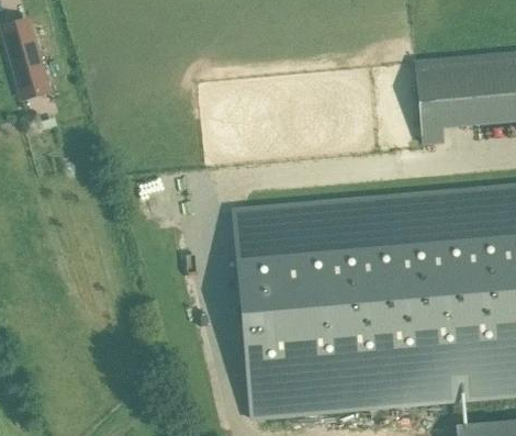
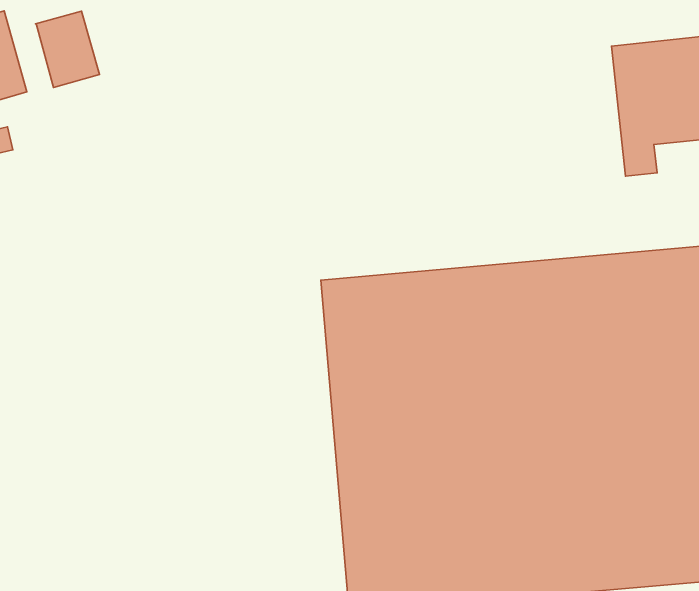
building: none -> [36,11,100,87]

